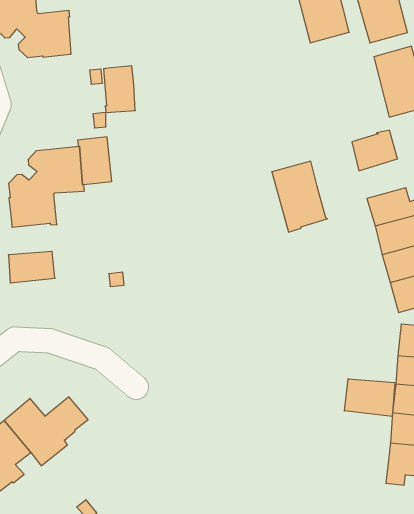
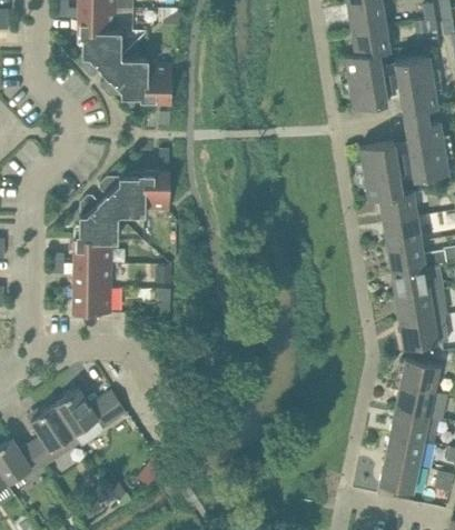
building: [104,66,135,112] -> [145,64,171,103]
building: none -> [383,217,422,248]
building: [272,161,327,232] -> [359,142,403,201]
building: none -> [73,238,112,264]
building: none -> [72,288,111,313]
building: [344,379,395,417] -> none

